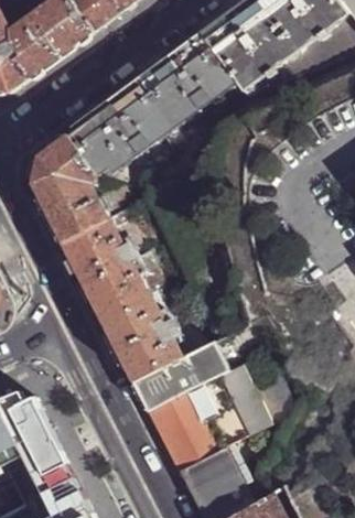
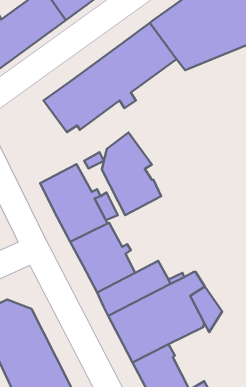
building: [30,136,106,241] -> [102,132,161,215]

